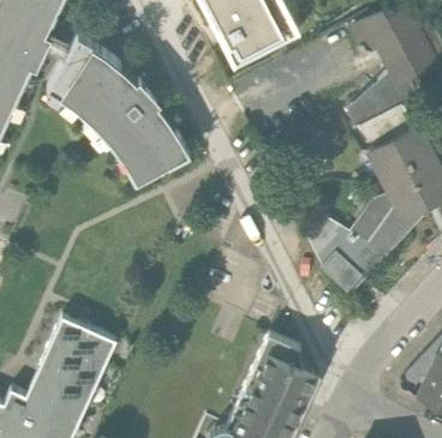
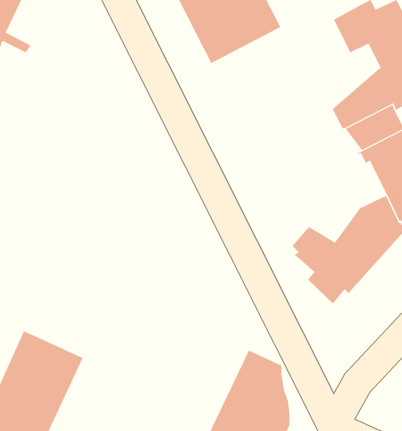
building: [47,35,191,185] -> none

